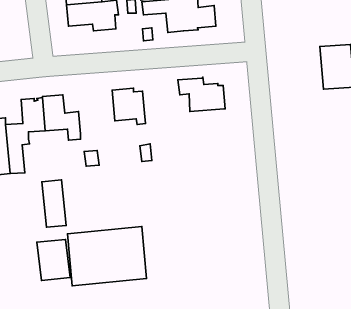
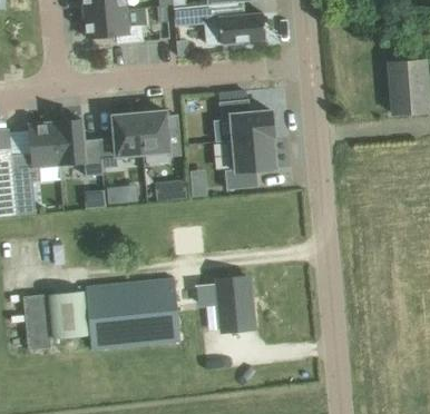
building: none -> [98,114,141,166]
building: none -> [224,136,275,189]
building: [42,180,66,227] -> [21,293,50,349]
building: none -> [196,276,252,329]

